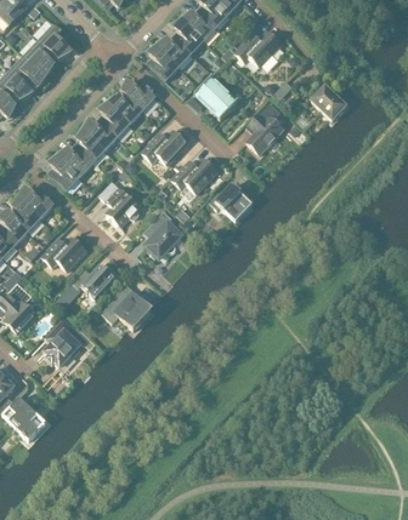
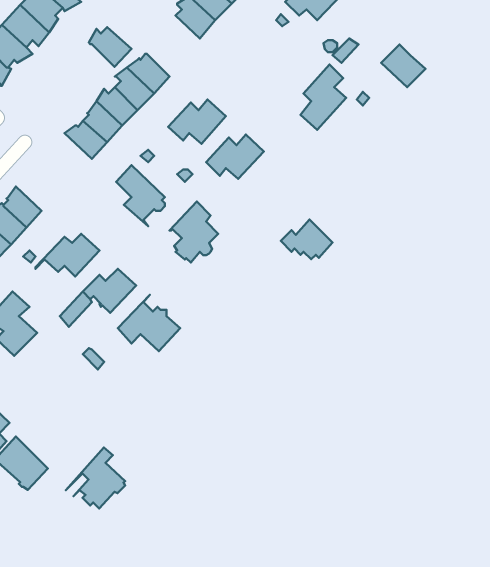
building: [187,57,237,119] -> none
building: [120,79,154,110] -> [89,27,131,67]
building: [47,155,79,189] -> none
building: [208,183,249,215] -> [281,220,333,259]
building: [18,185,52,217] -> none
building: [32,318,79,366] -> [66,447,125,508]

